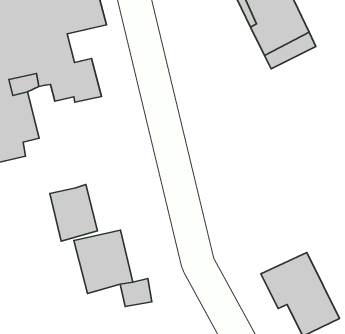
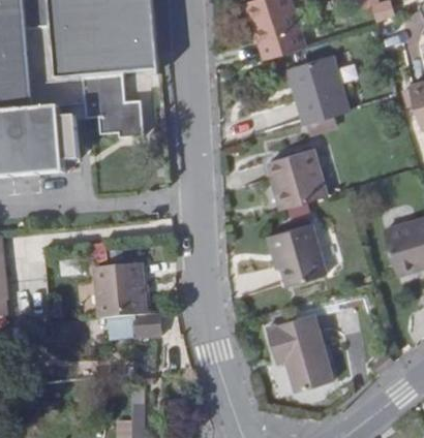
building: none -> [268,148,326,207]
building: none -> [267,221,325,283]
building: [50,185,98,241] -> none

